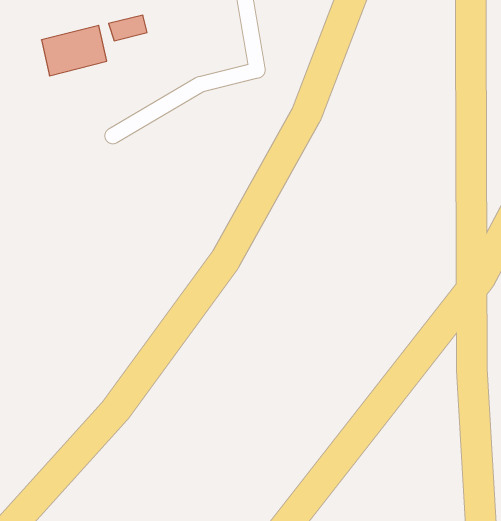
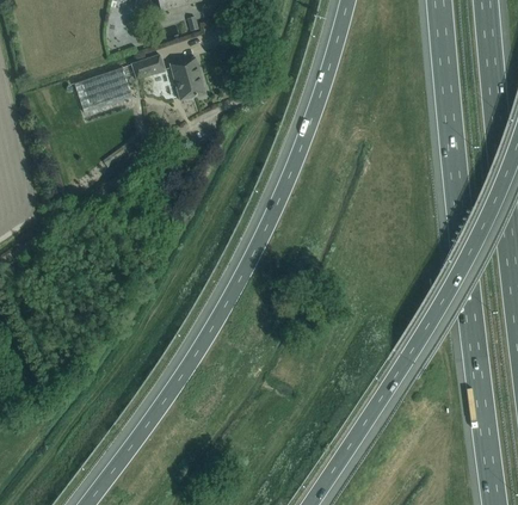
building: none -> [169,57,204,100]

